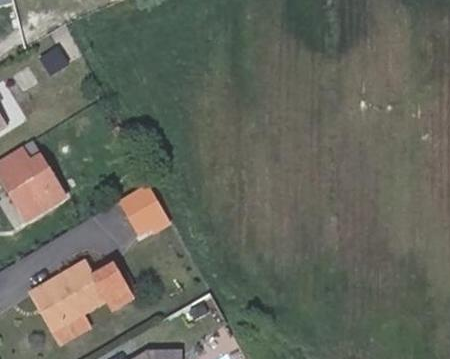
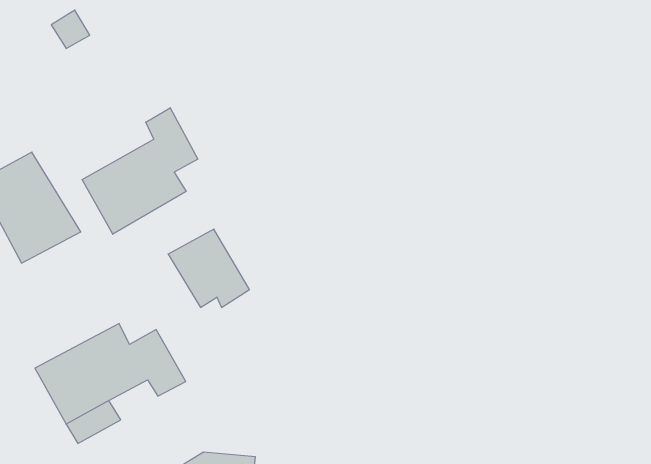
building: none -> [82,108,198,234]

